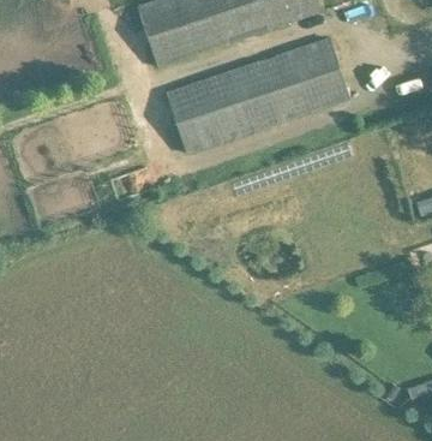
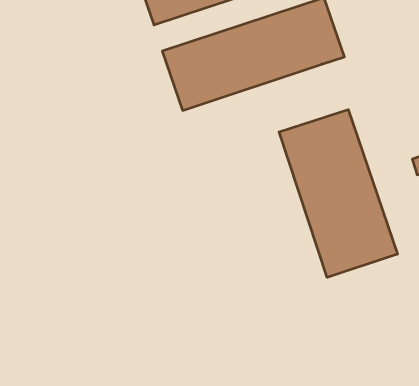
building: none -> [279,110,397,277]

